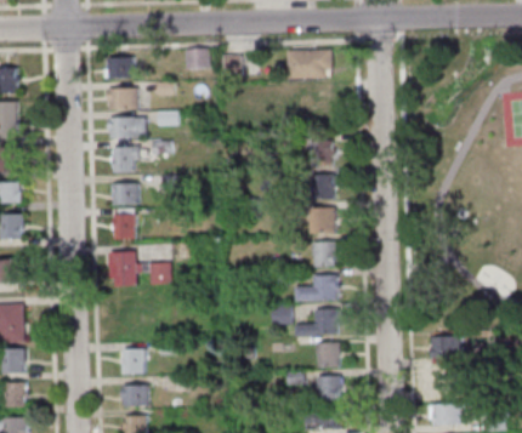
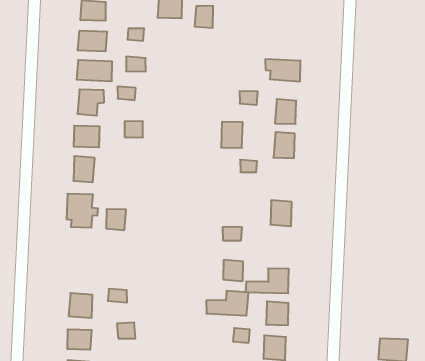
building: [288,50,331,79] -> none
building: [312,207,334,234] -> [221,122,243,148]
building: [295,277,336,301] -> [206,291,248,316]
building: [431,337,460,358] -> none

